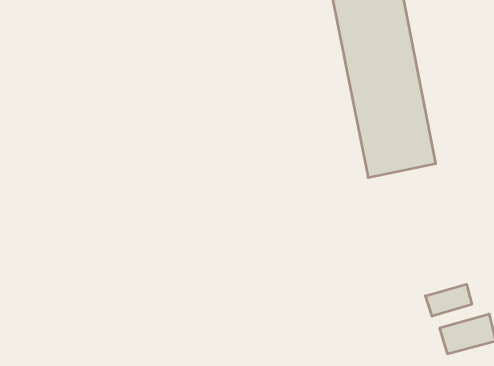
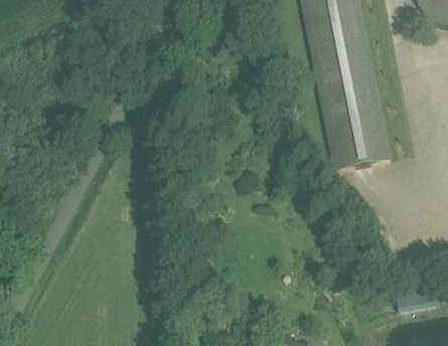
building: [425,284,472,316] -> none

